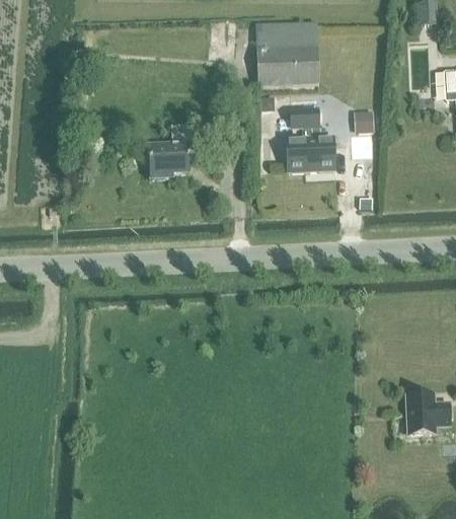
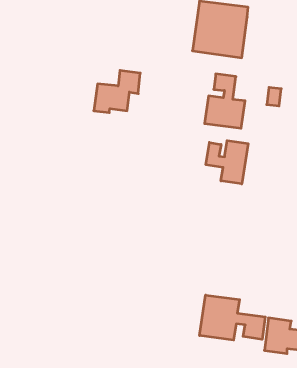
building: none -> [206,141,248,184]
building: none -> [200,295,265,340]

